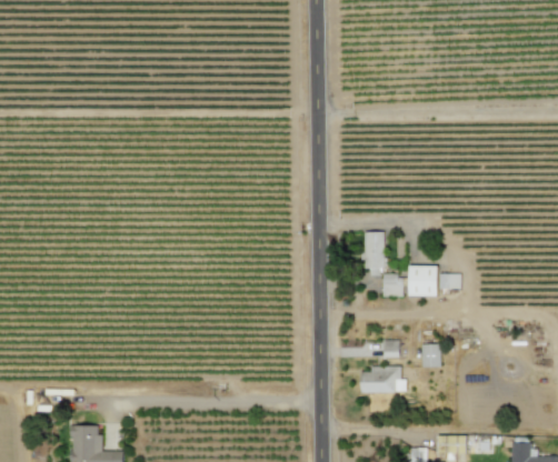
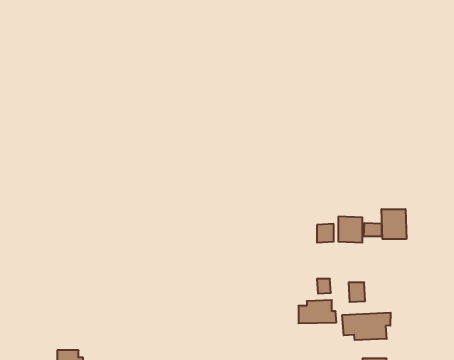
building: [362,232,383,275] -> none
building: none -> [382,209,406,239]
building: none -> [342,313,391,340]

